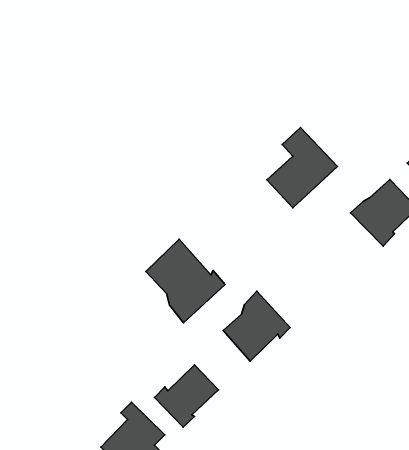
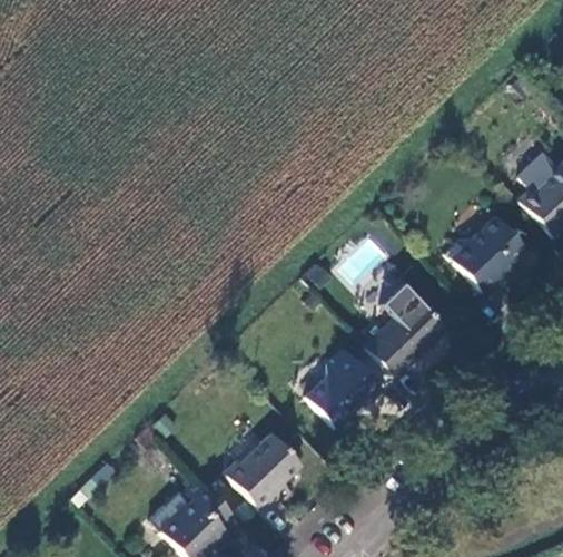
building: [267,127,338,208] -> [364,282,446,375]
building: [146,239,225,323] -> none

